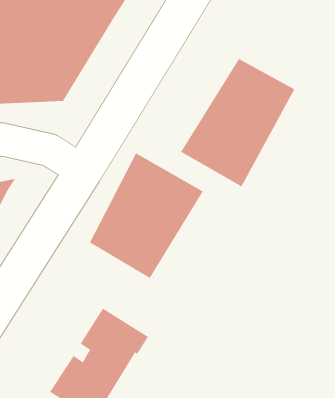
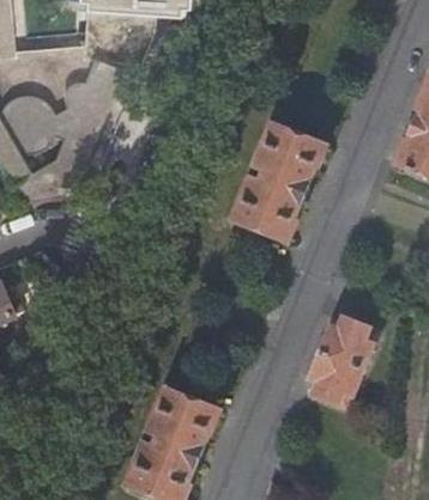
building: [89,152,203,279] -> none
building: none -> [312,316,377,404]

